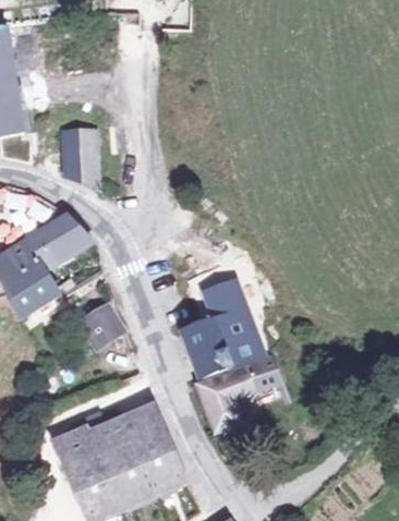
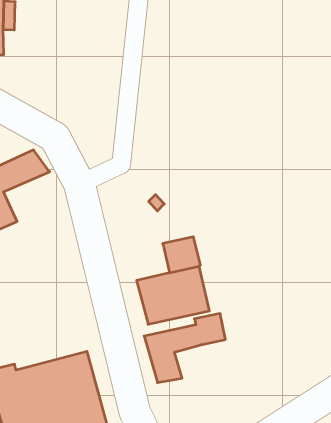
building: [61,128,98,190] -> none
building: [81,301,123,341] -> none

